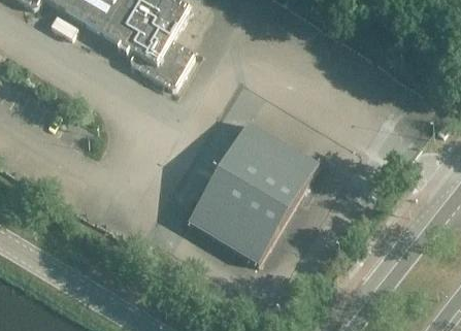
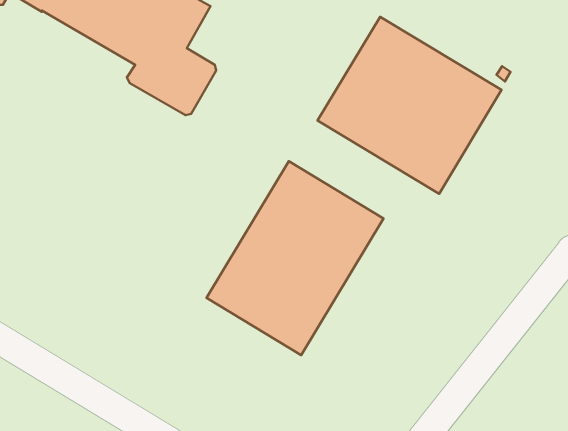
building: none -> [318,17,502,194]

